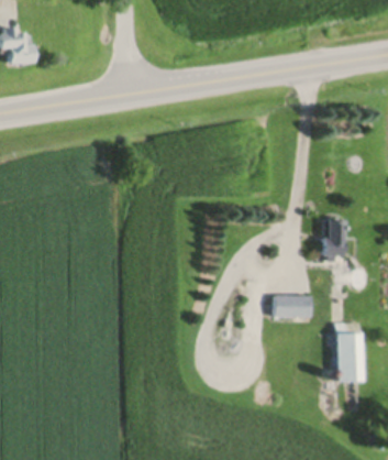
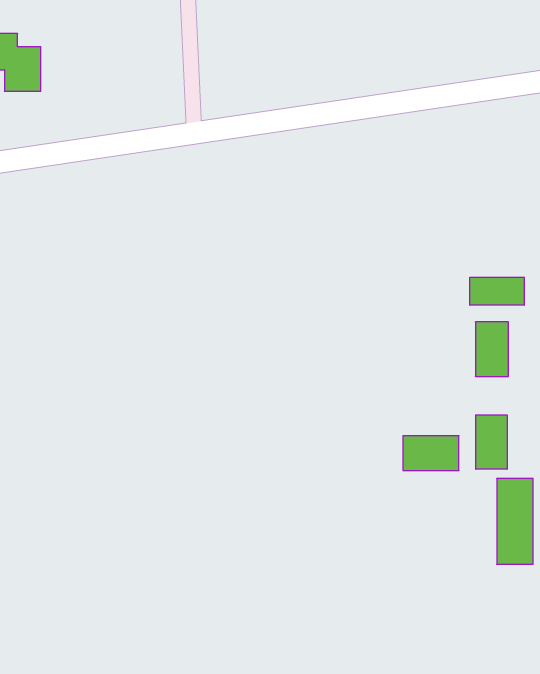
building: none -> [470,277,524,305]
building: none -> [476,415,507,469]

